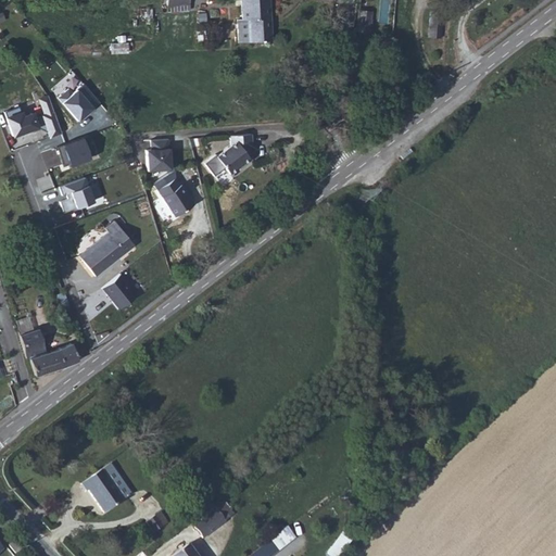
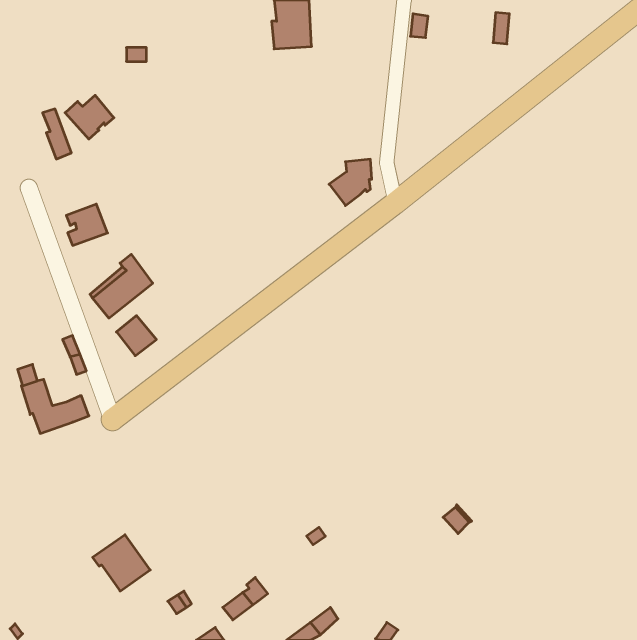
building: [7,108,39,136] -> none
building: [217,134,254,174] -> [329,159,372,206]
building: [59,136,96,165] -> none
building: [148,138,172,170] -> none
building: [159,177,194,216] -> none

